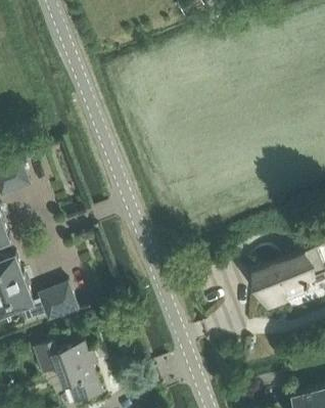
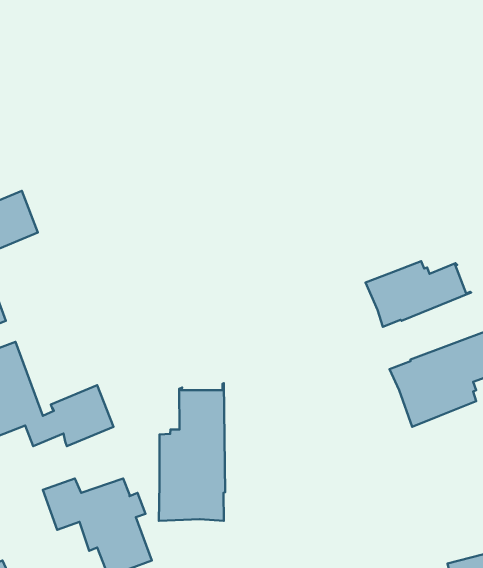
building: none -> [365,261,471,327]
building: none -> [159,383,225,521]

